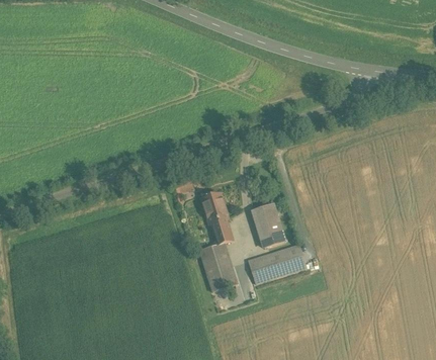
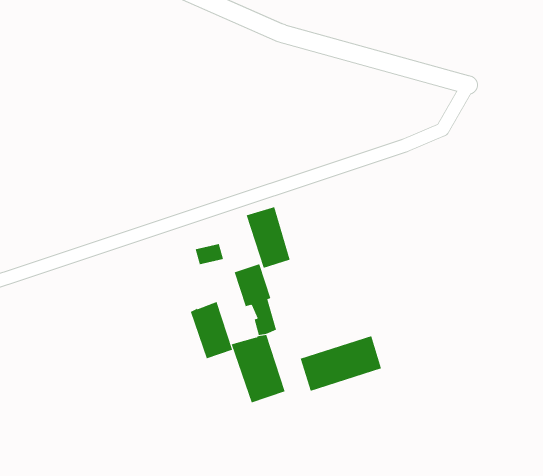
building: [252,204,283,248] -> [246,207,291,269]
building: none -> [190,301,233,359]

